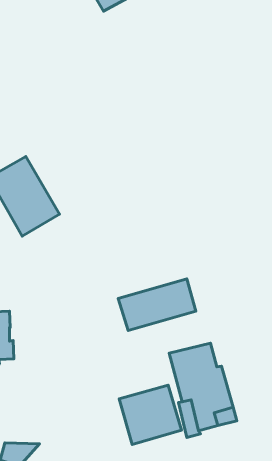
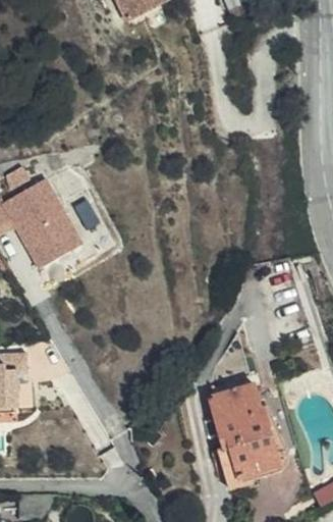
building: [118,279,196,330] -> none
building: [119,385,182,445] -> none

